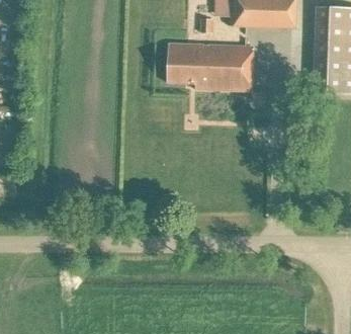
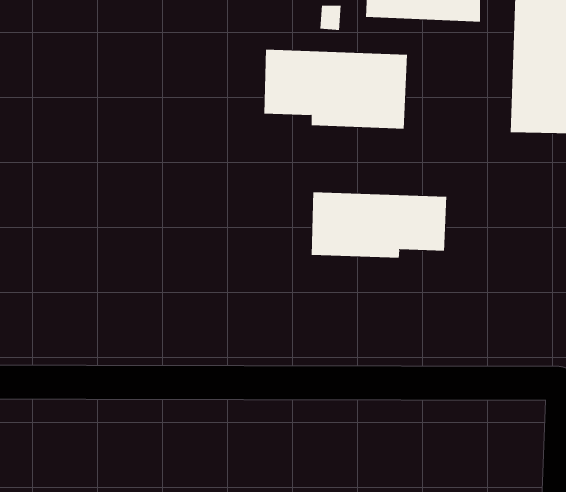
building: none -> [311,191,447,258]

